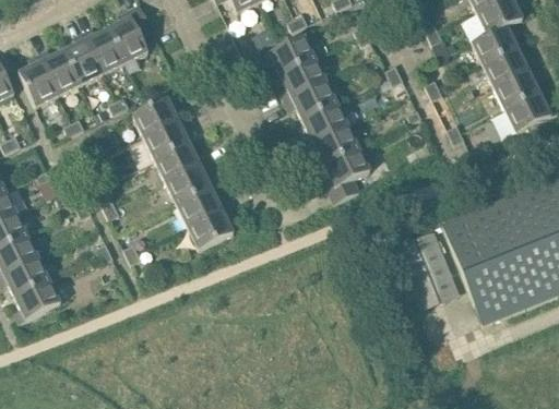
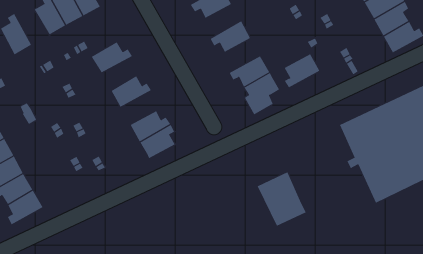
building: [37,50,80,96] -> none
building: [278,59,325,101] -> none
building: [300,104,347,146] -> [284,54,320,88]
building: [143,118,189,160] -> none
building: [165,163,211,205] -> none
building: [394,229,455,298] -> [257,172,306,226]

